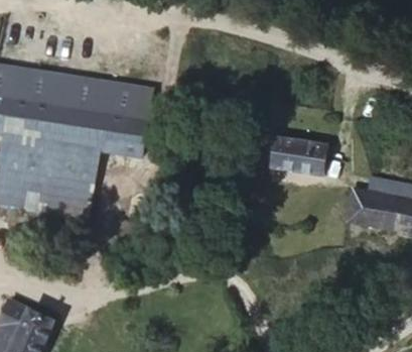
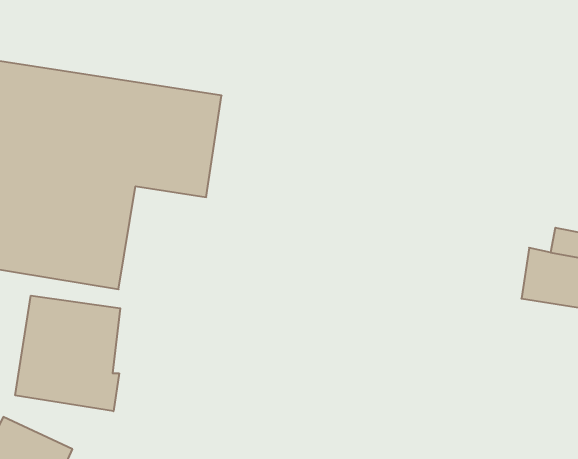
building: [272,137,327,173] -> none
building: none -> [15,296,120,411]

